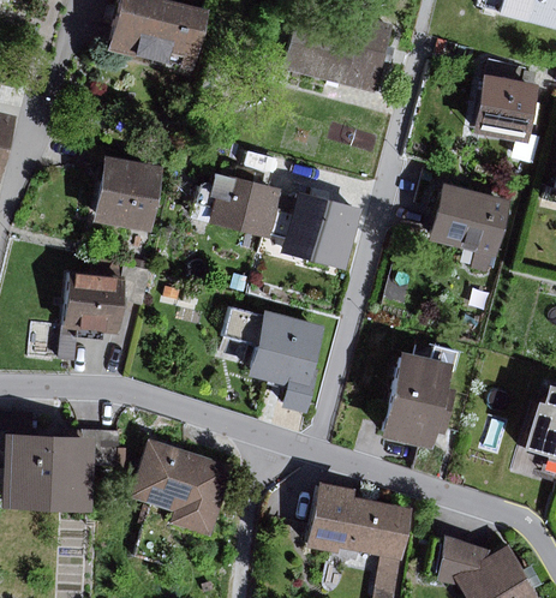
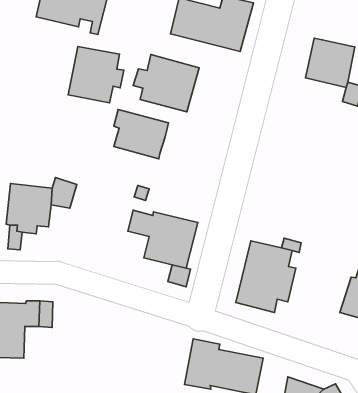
building: [89,154,165,231] -> [68,46,124,103]
building: [426,184,514,259] -> none
building: [271,190,361,268] -> [133,55,199,112]
building: [132,437,238,537] -> none

